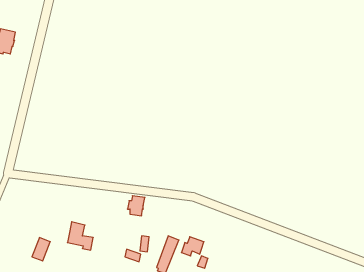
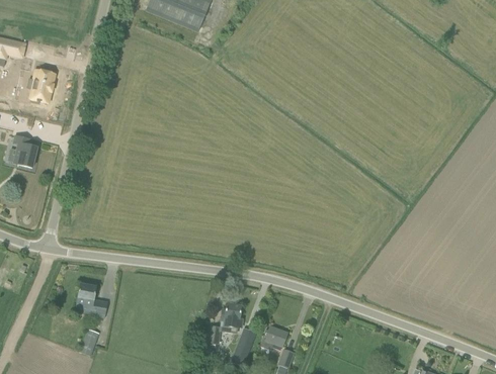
building: [127,196,145,216] -> [221,302,242,326]
building: [67,222,93,250] -> [76,282,107,316]

